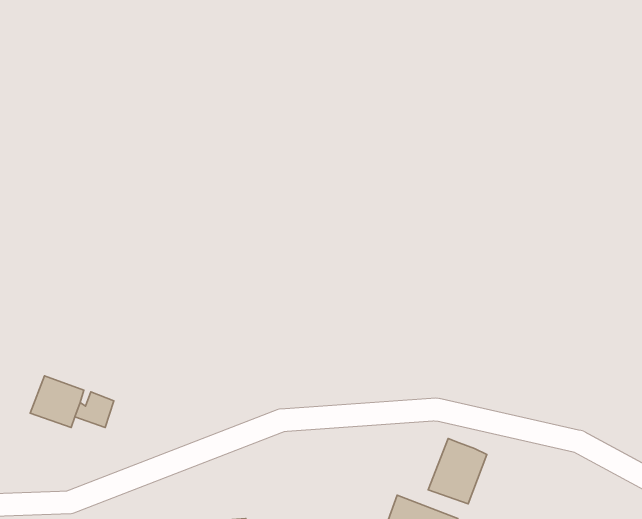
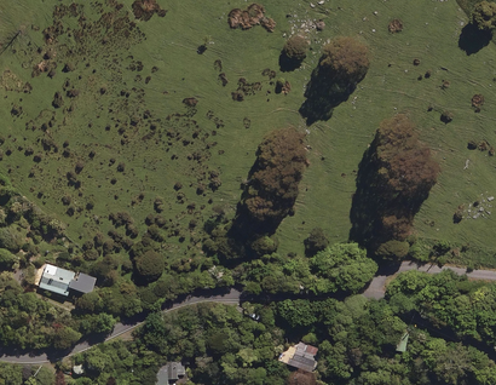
building: [428,438,487,504] -> none

